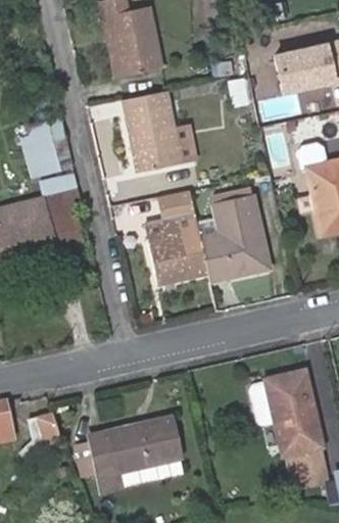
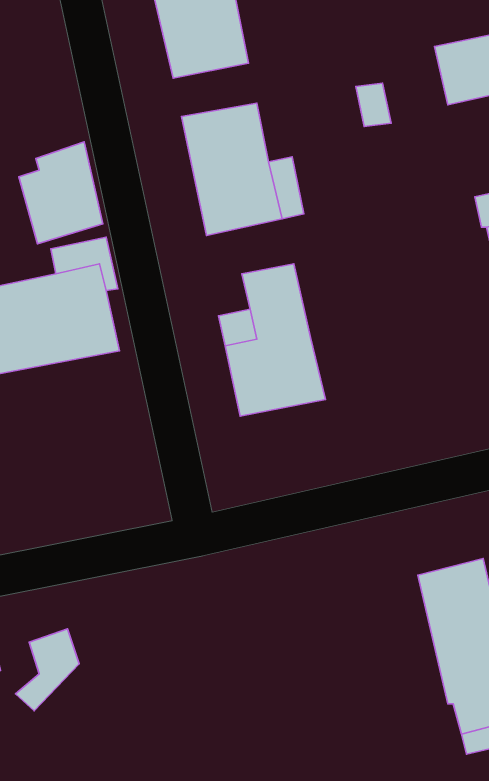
building: [200,194,272,281] -> none
building: [88,417,185,492] -> none

